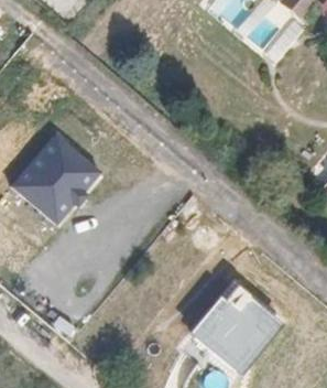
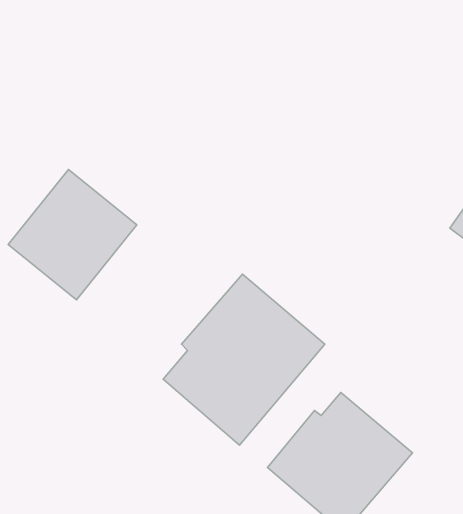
building: none -> [163,274,325,445]

